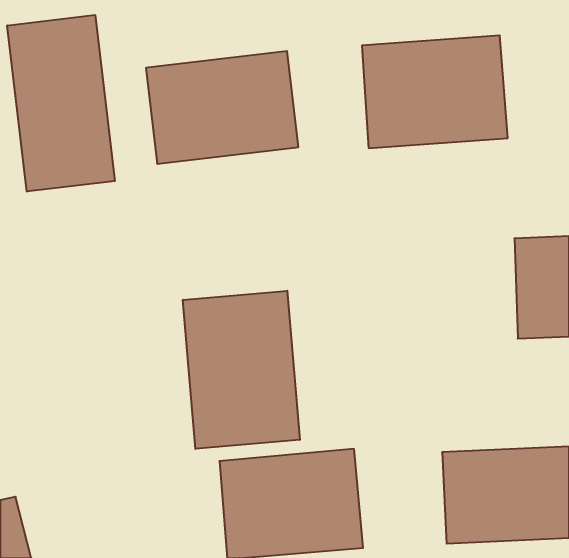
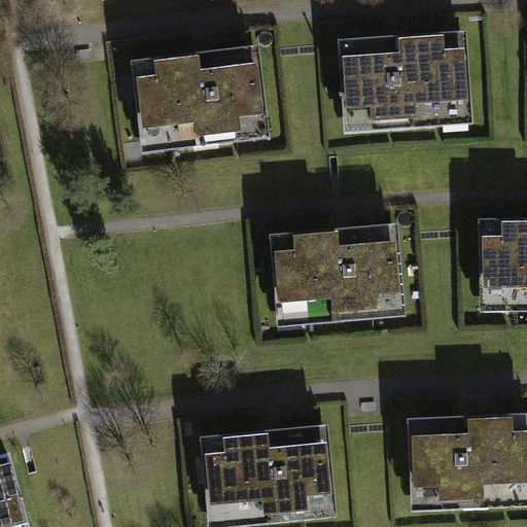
building: [7,15,115,192] -> none
building: none -> [267,221,405,329]
building: [183,291,300,449] -> none

